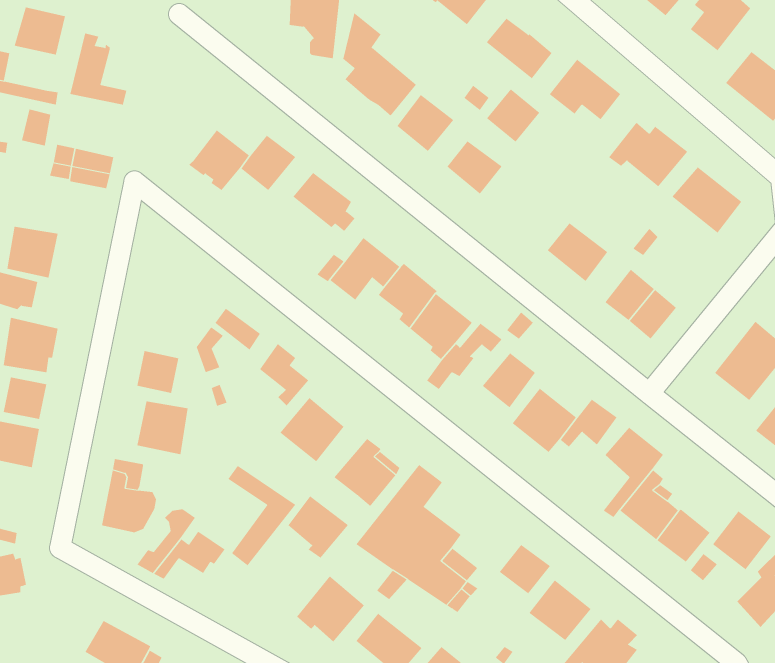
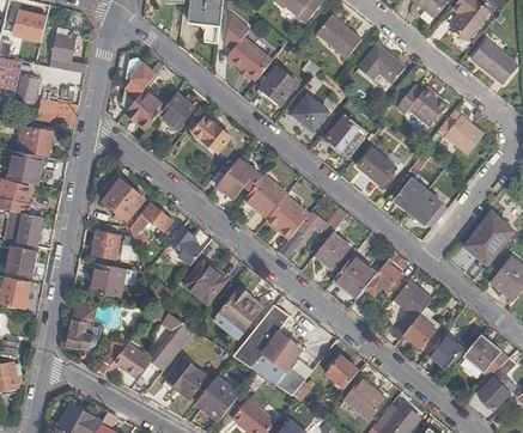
building: none -> [122,57,157,109]
building: [486,89,540,142] -> [327,118,361,153]
building: none -> [20,126,51,153]
building: none -> [103,179,145,220]
building: [287,495,349,559] -> [168,358,207,398]

